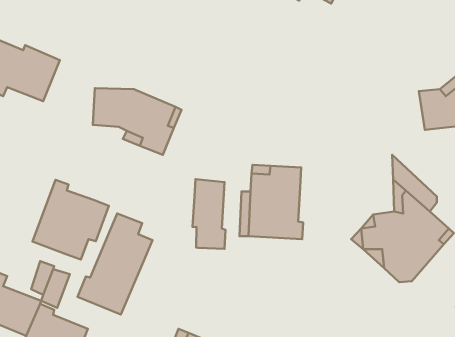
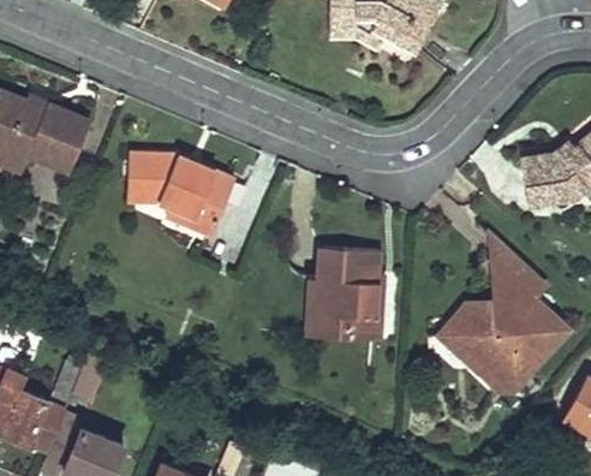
building: [193,179,225,249] -> none
building: [32,180,109,260] -> none
building: [77,213,153,315] -> none

